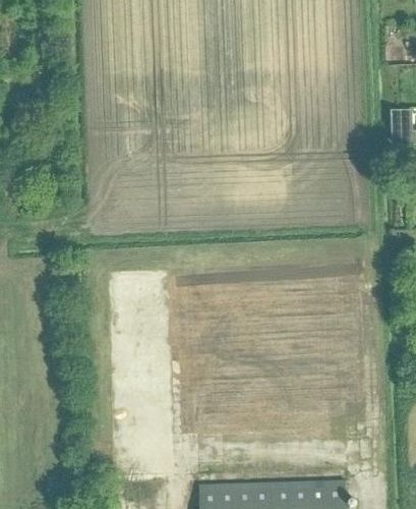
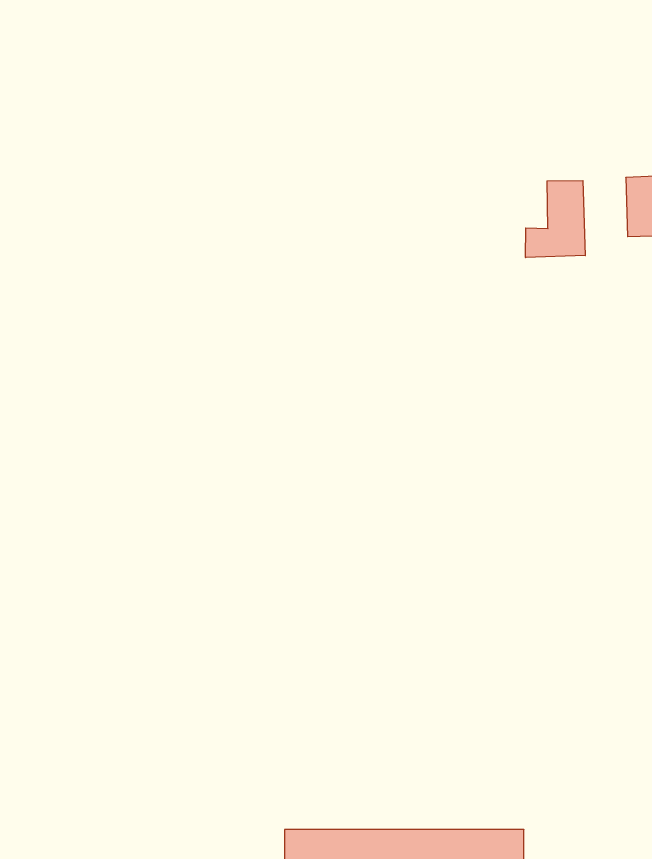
building: none -> [526,181,585,258]

